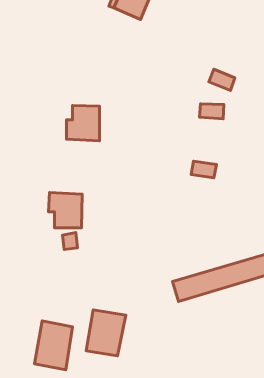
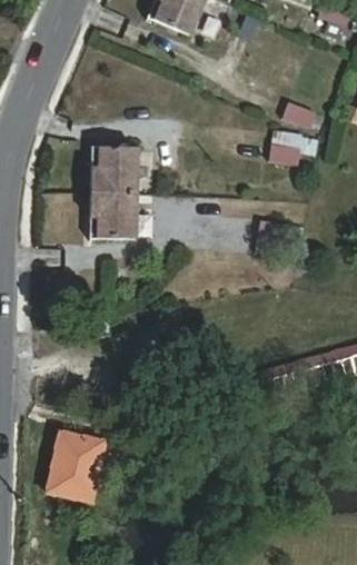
building: [49,193,82,228] -> [91,192,136,239]
building: [86,310,126,356] -> none

